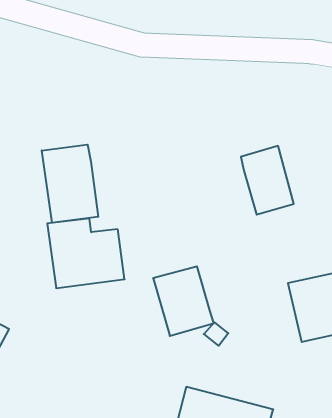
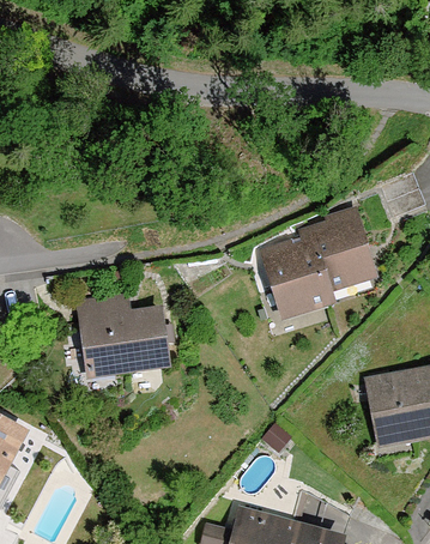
building: [42,145,98,223] -> none
building: [153,266,214,336] -> [258,237,332,322]

